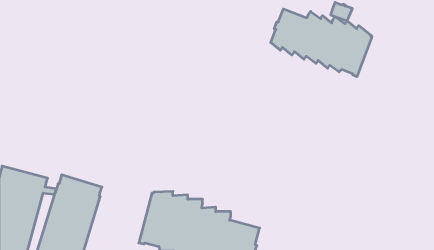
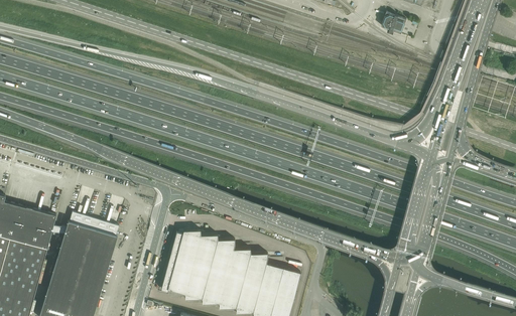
building: [271,9,372,77] -> none

